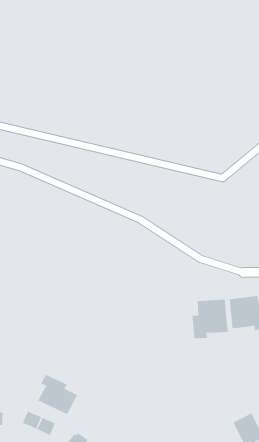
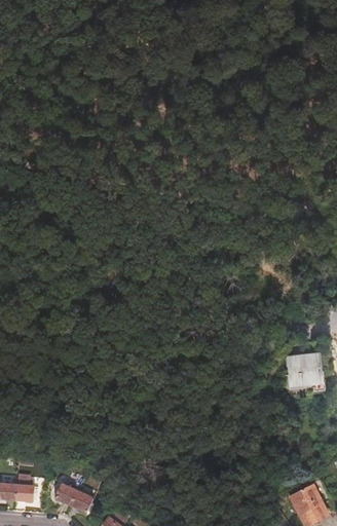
building: [191,299,228,339] -> none
building: [37,374,78,415] -> none

